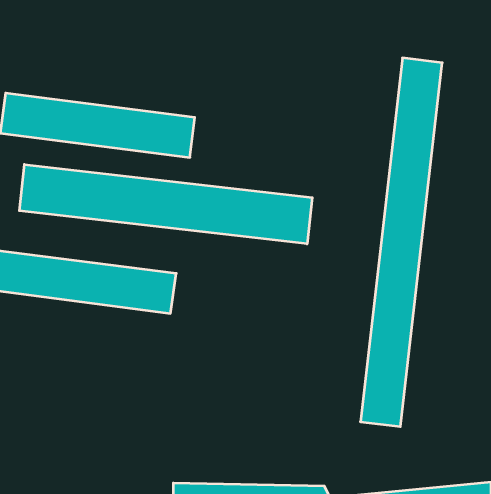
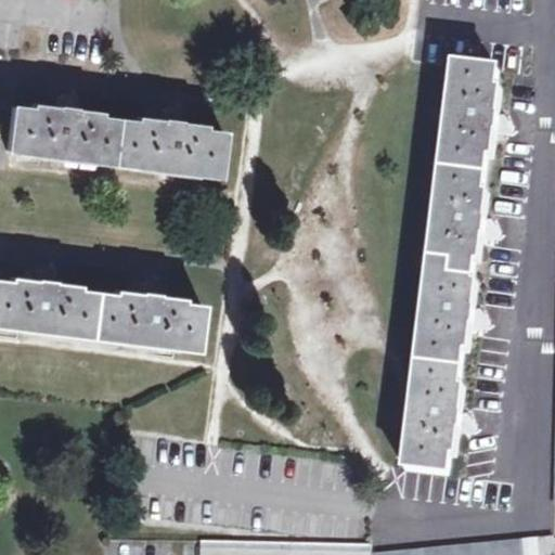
building: [19,164,312,244] -> none

